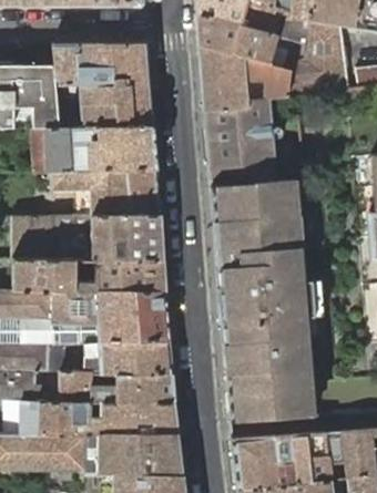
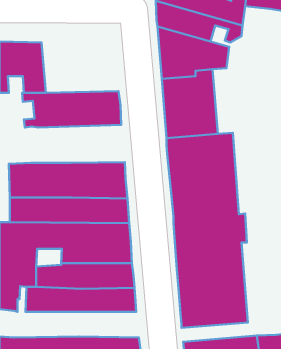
building: [287,20,349,97] -> none
building: [53,43,152,129] -> none
building: [43,168,160,216] -> none
building: [21,401,177,434] -> none

